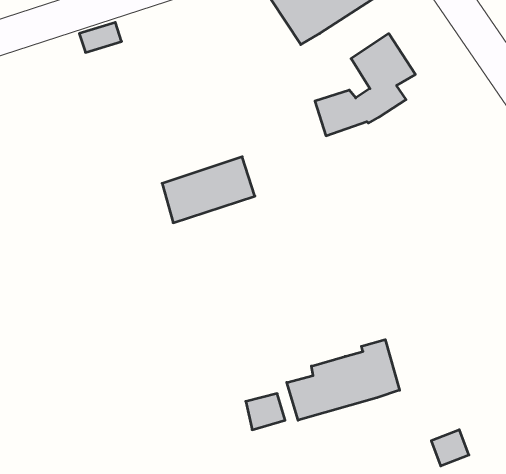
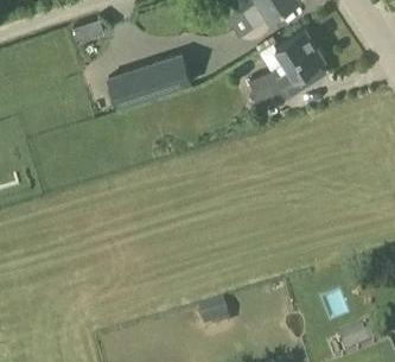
building: [162,157,255,223] -> [122,53,192,103]
building: [287,340,400,420] -> none

